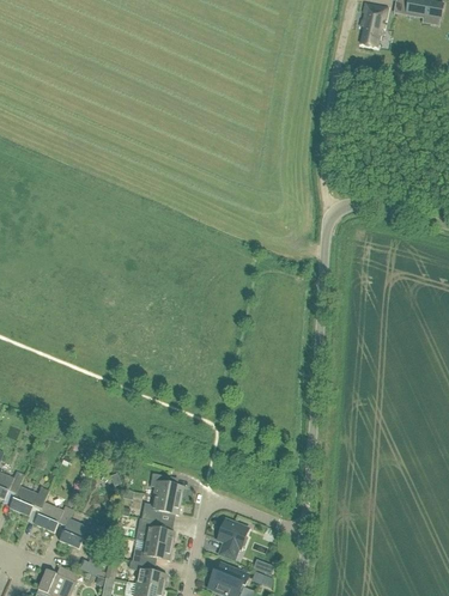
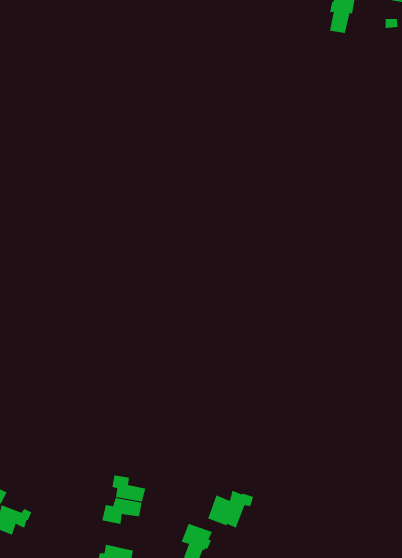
building: none -> [208,490,254,529]
building: [59,518,97,548] -> none
building: [138,518,174,547] -> none

